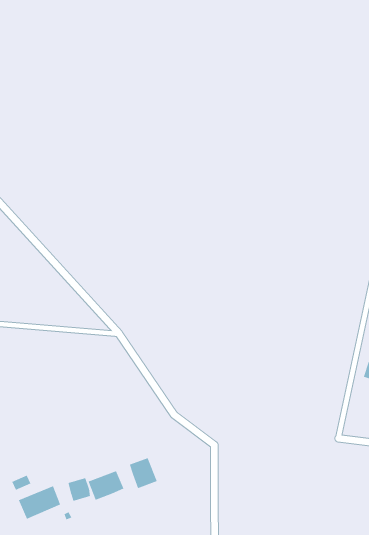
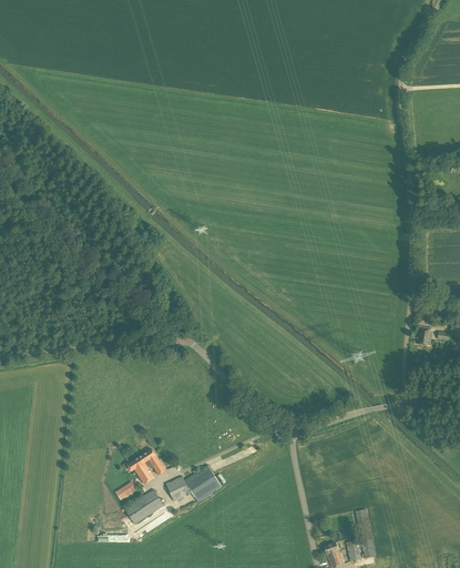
building: none -> [131,449,166,484]
building: [129,457,158,489] -> none

